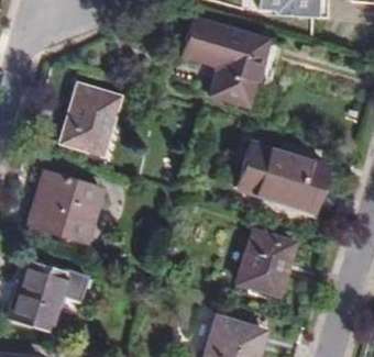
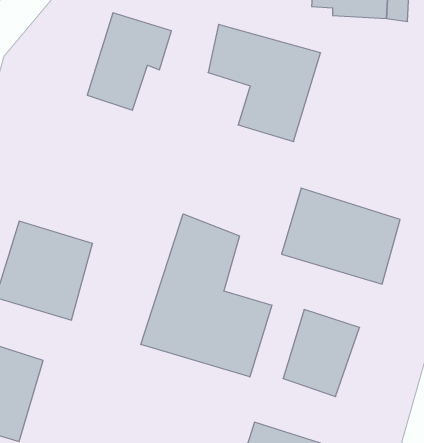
building: [59,81,121,153] -> [87,13,171,110]
building: none -> [141,214,272,377]

